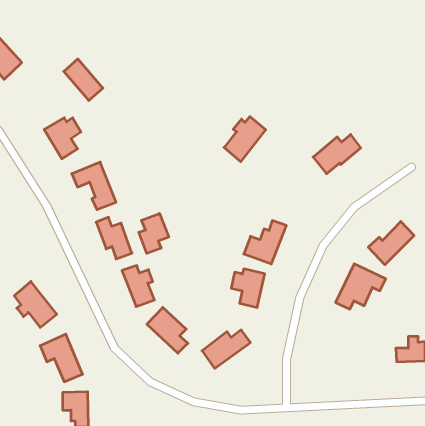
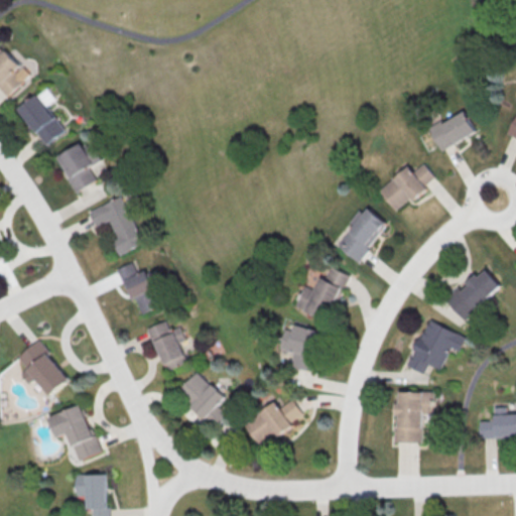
building: [64,59,103,101] -> [15,95,62,145]
building: none -> [429,110,477,151]
building: [224,117,266,162] -> [337,208,387,262]
building: [139,213,169,253] -> none
building: none -> [393,391,432,442]

